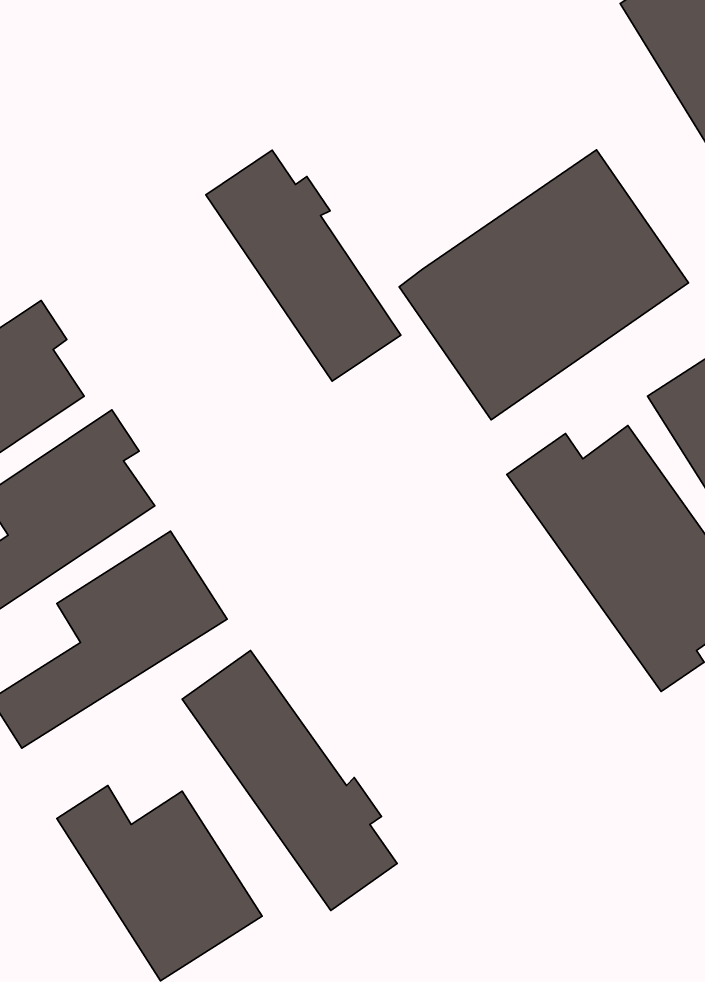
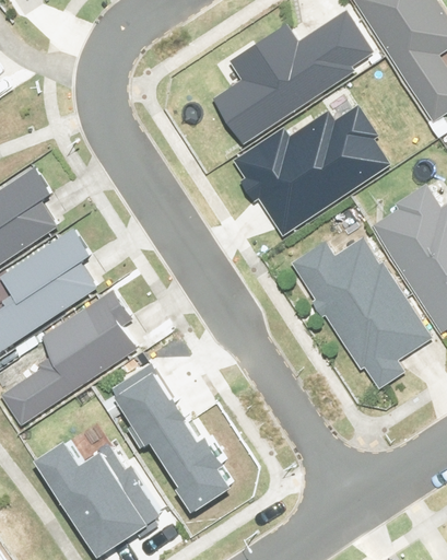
building: none -> [212,7,381,152]
building: [206,150,401,381] -> none

